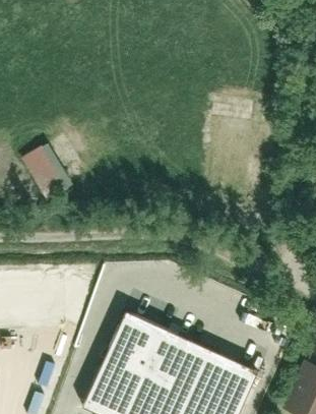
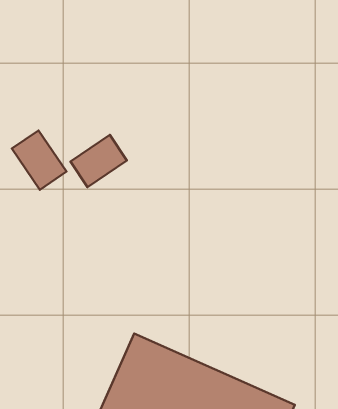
building: none -> [70,135,127,187]

